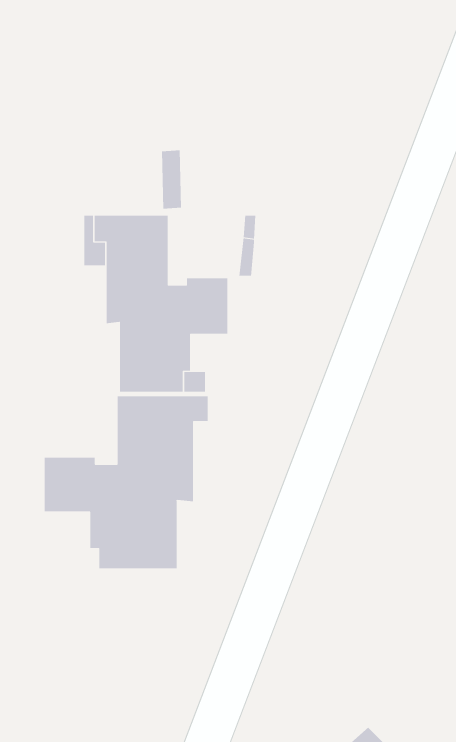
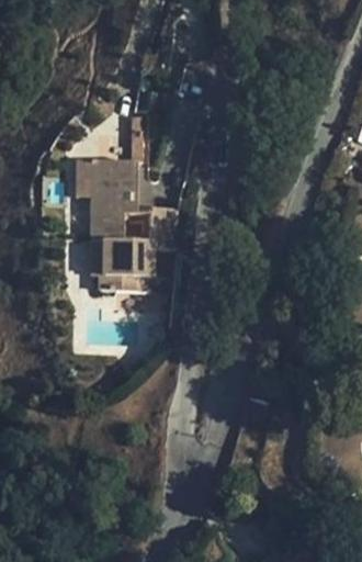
building: [44,395,208,569] -> none

